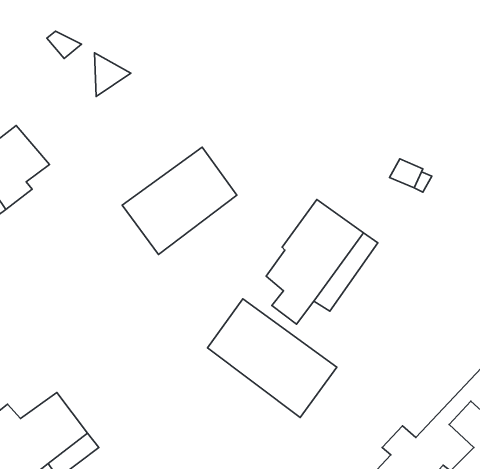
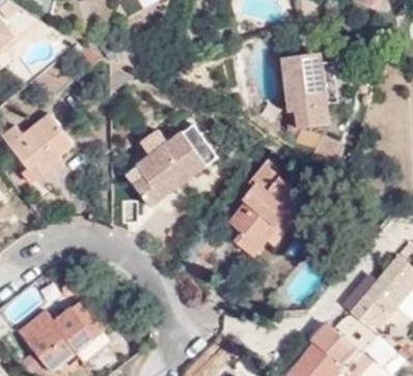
building: none -> [283,52,328,125]
building: [207,299,337,417] -> none

